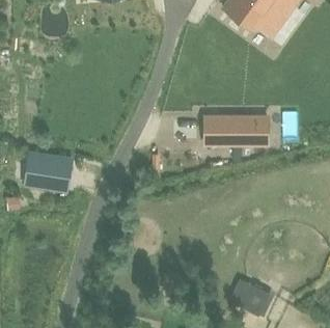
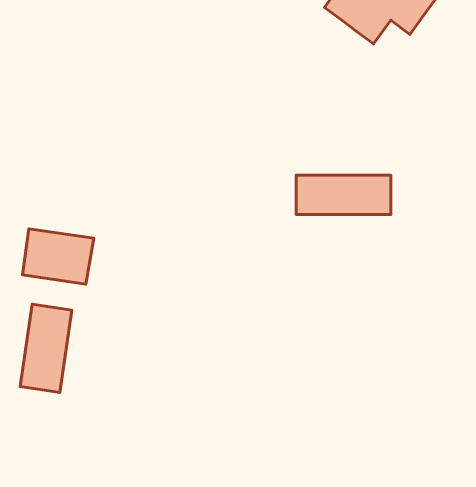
building: none -> [20,304,72,392]
building: [230,278,267,312] -> none

